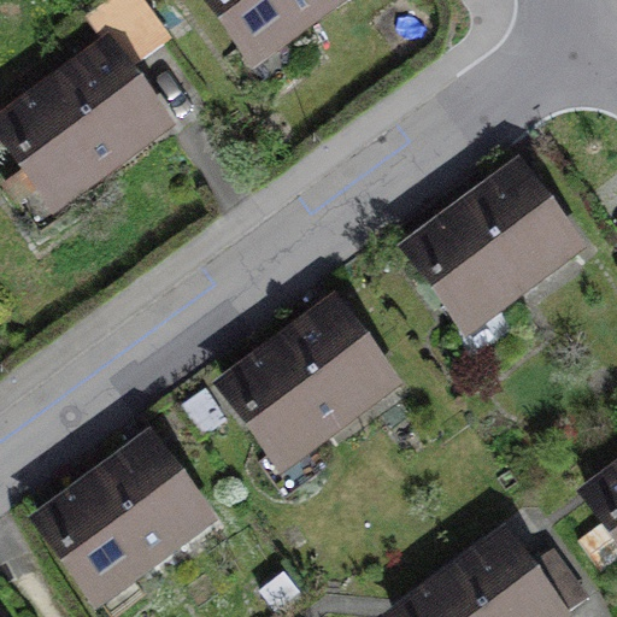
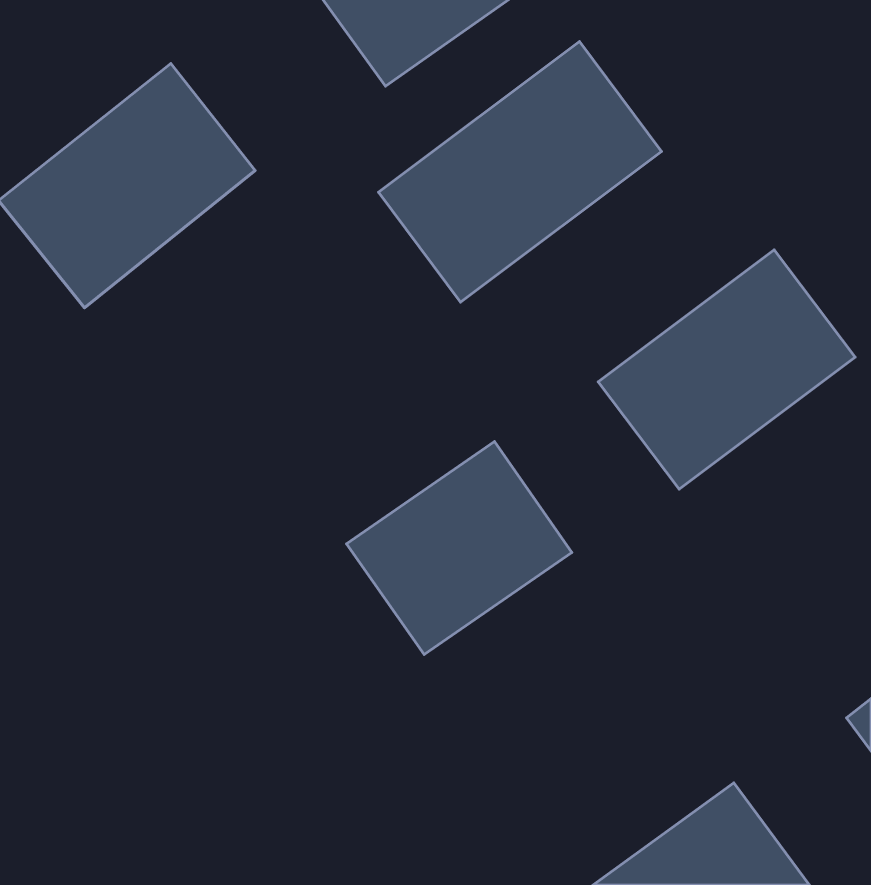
building: none -> [378,42,661,302]
building: [45,436,218,601] -> none

